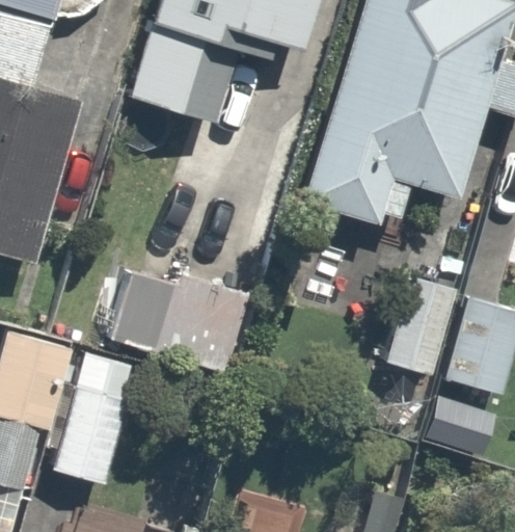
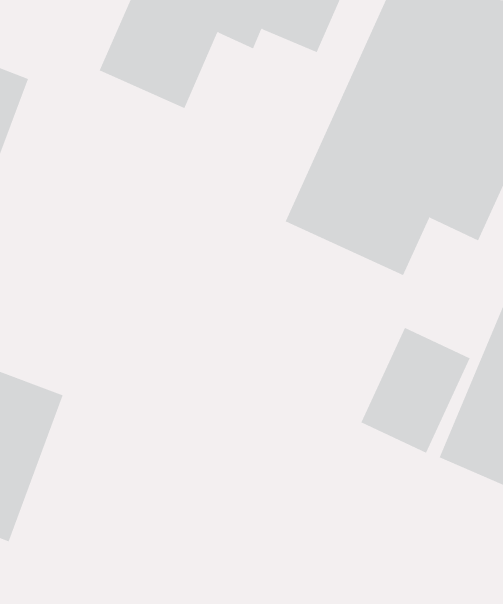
building: [104,248,244,371] -> none

